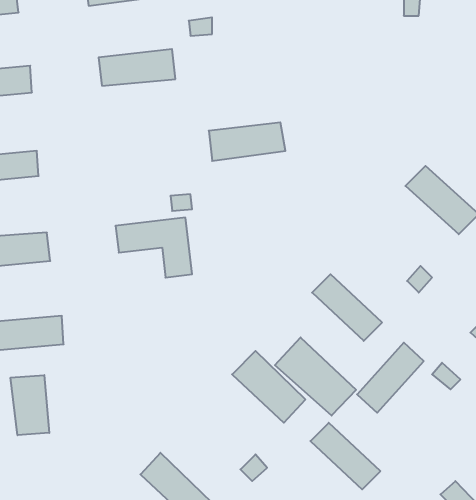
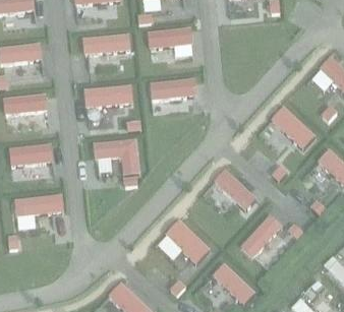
building: none -> [147,28,192,49]
building: none -> [83,83,132,106]
building: [275,337,356,416] -> none
building: [11,375,49,435] -> none

